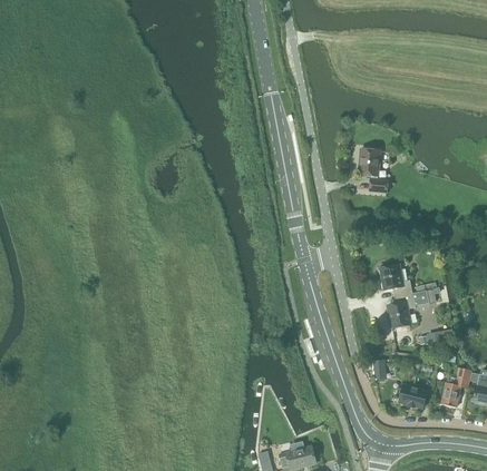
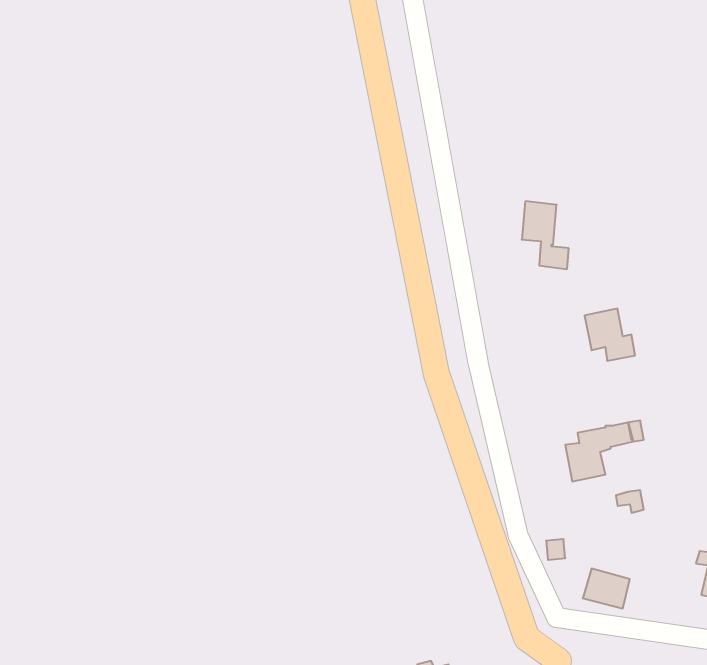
building: [379,263,411,296] -> [584,309,635,361]
building: [441,366,470,406] -> none

